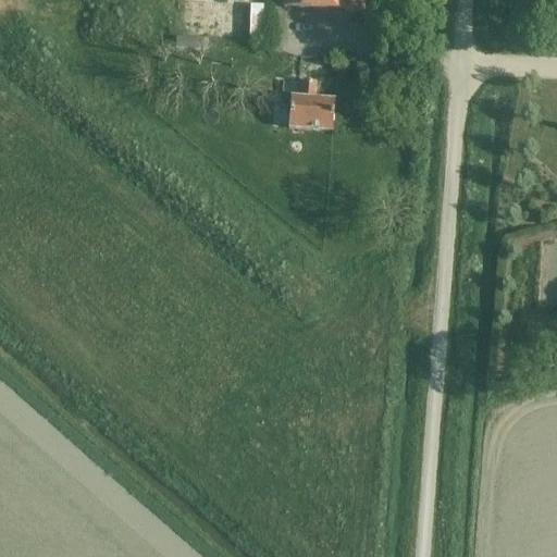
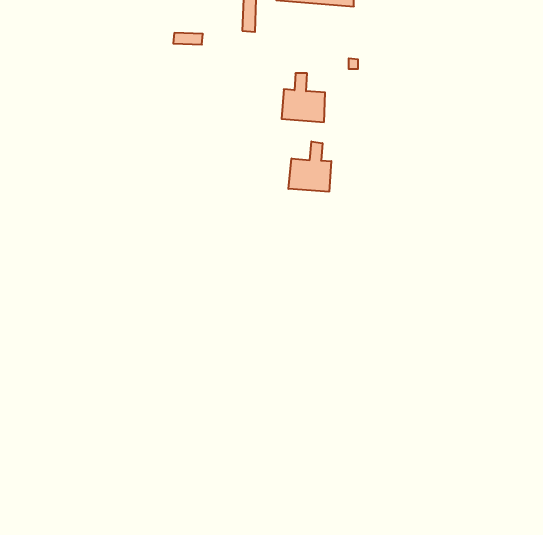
building: none -> [288,141,331,192]

